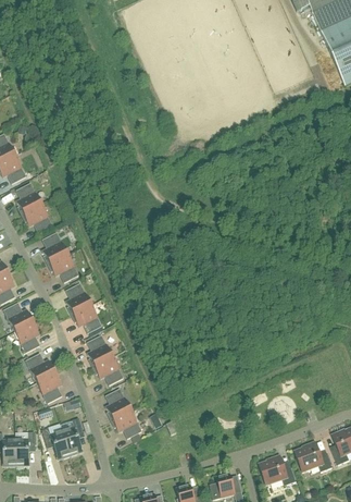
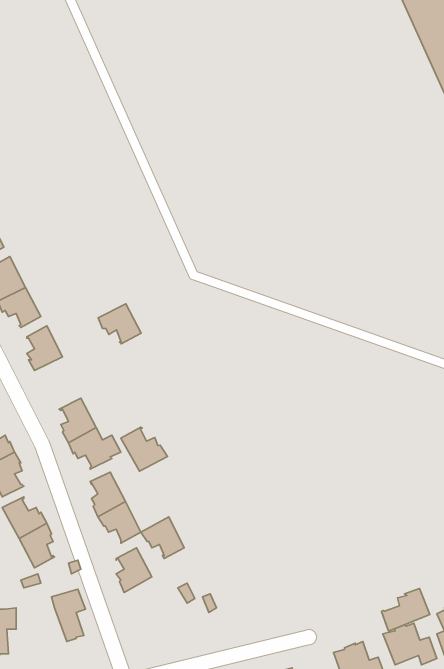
building: [48,254,78,282] -> [98,304,141,344]
building: none -> [121,427,167,471]
building: [111,409,141,439] -> [141,517,184,558]
building: none -> [382,588,430,631]
building: [41,428,71,458] -> none

